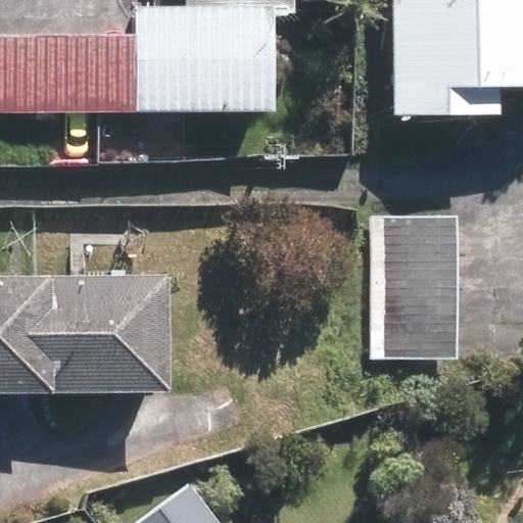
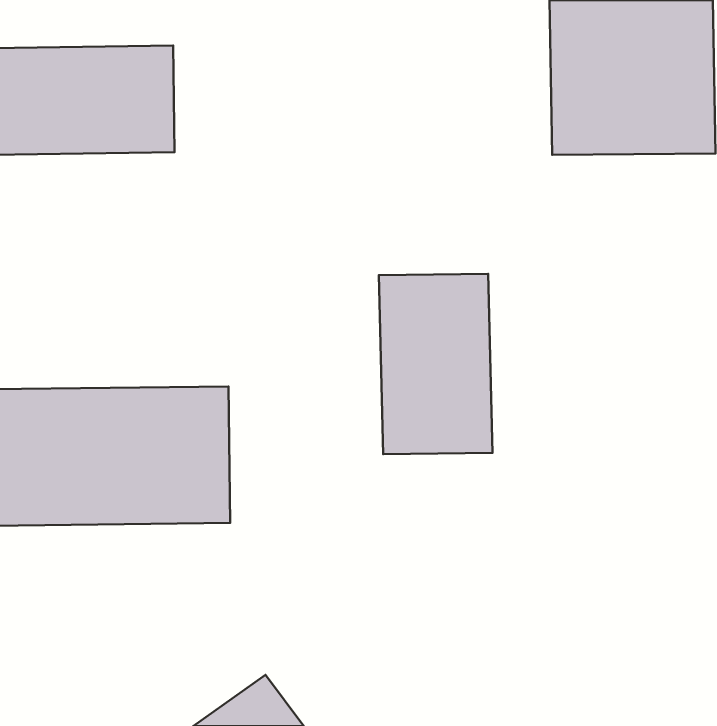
building: [128,15,279,109] -> none
building: [374,219,456,348] -> [379,274,492,454]

